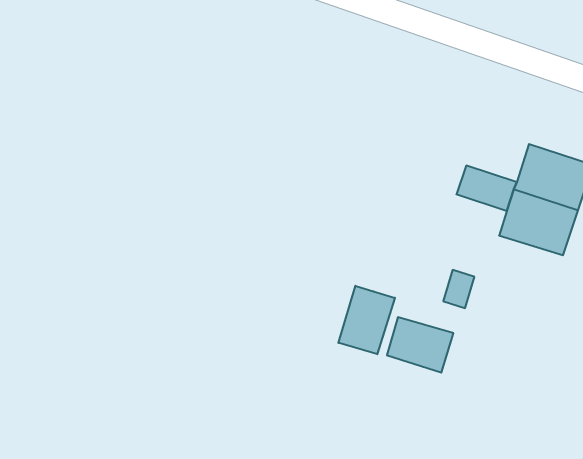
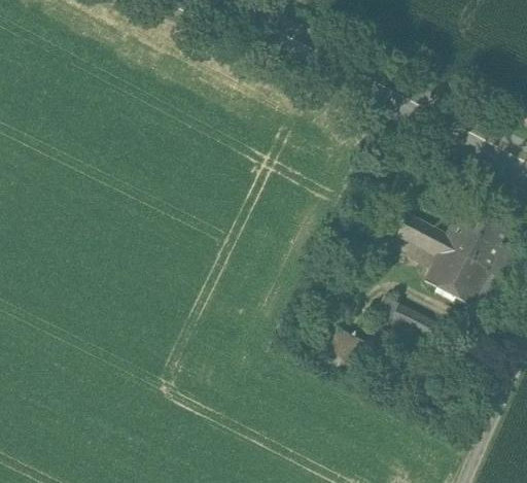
building: none -> [394,307,444,349]
building: [338,286,395,354] -> none

